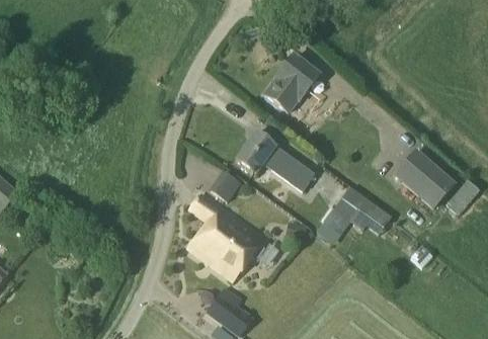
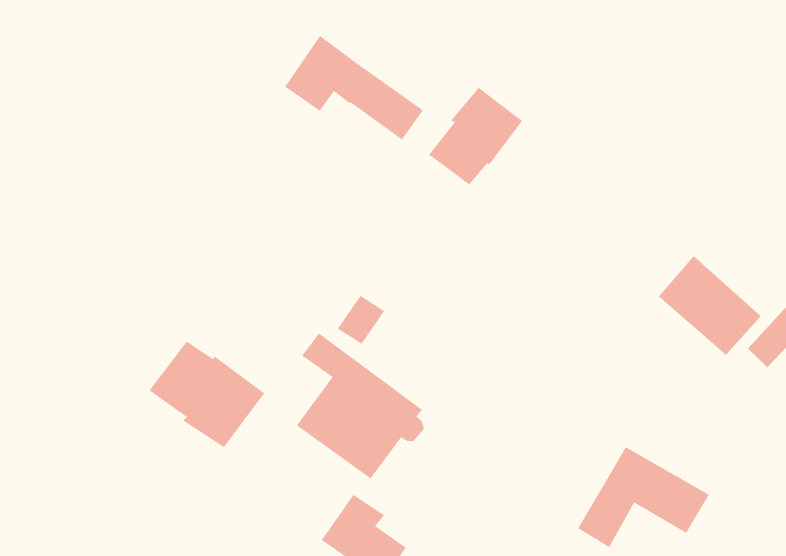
building: [235,131,314,190] -> [284,35,424,141]
building: [316,186,391,244] -> [577,446,710,548]
building: none -> [149,341,265,448]

